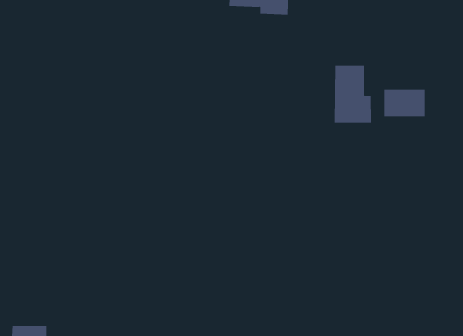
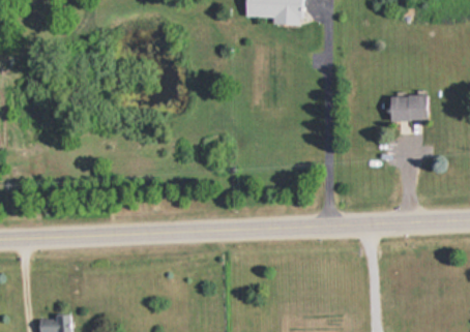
building: [334,65,371,124] -> none

